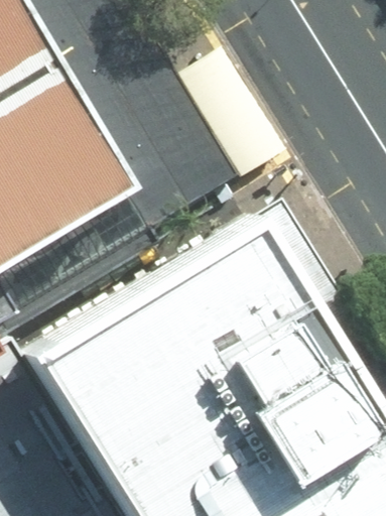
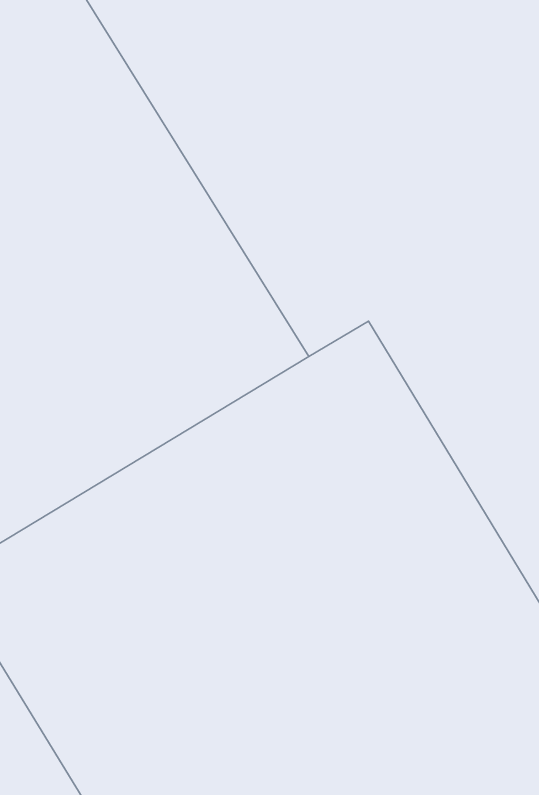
building: [176,42,289,177] -> none

